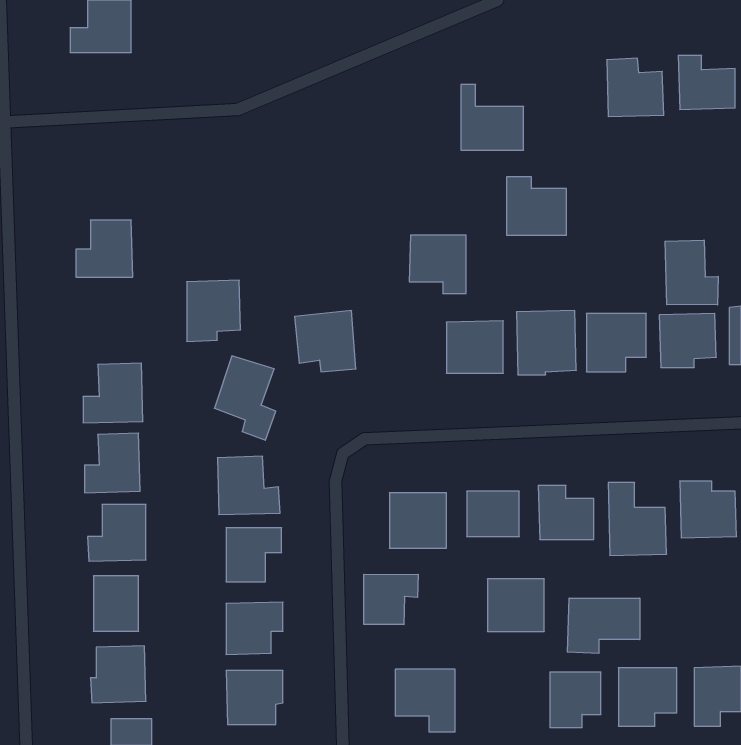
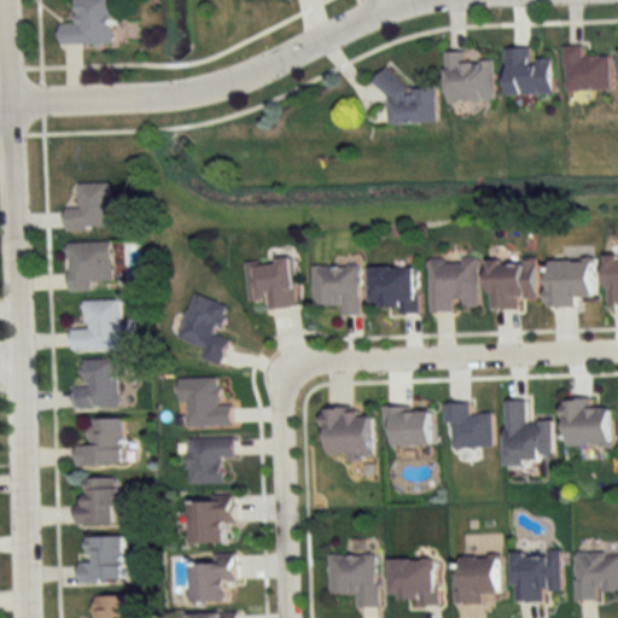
building: [507,177,566,235] -> [443,53,492,101]
building: [409,235,466,293] -> [311,266,358,314]
building: [665,240,718,305] -> none
building: [187,280,241,341] -> [65,241,110,292]
building: [364,574,418,625] -> none
building: [487,579,544,631] -> [389,558,436,601]
building: [567,598,640,653] -> none

